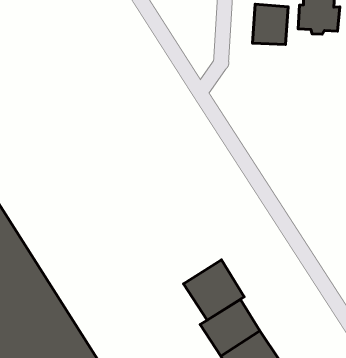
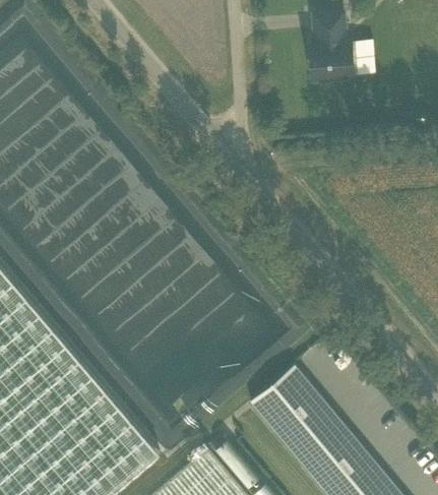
building: [253,4,288,45] -> none
building: [183,260,244,320] -> none

